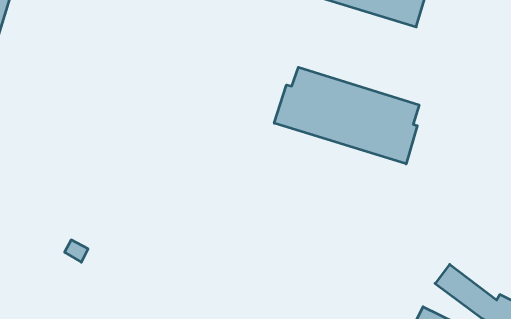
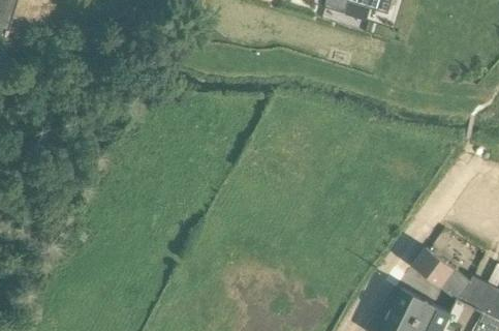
building: [274,67,419,164] -> none

